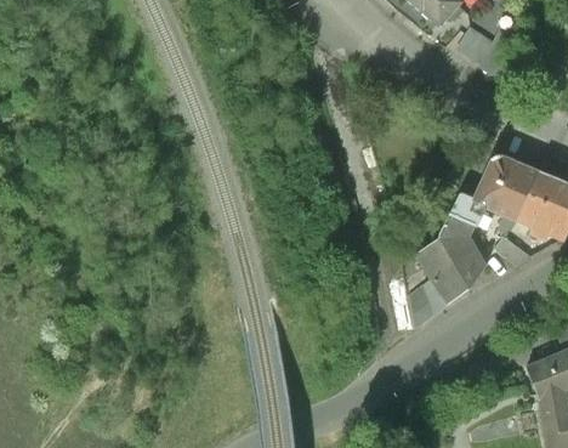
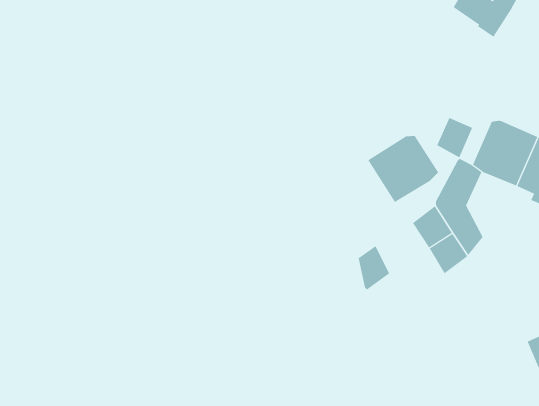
building: none -> [437,117,473,158]
building: none -> [367,135,439,203]
building: [407,285,437,328] -> [358,246,390,290]

